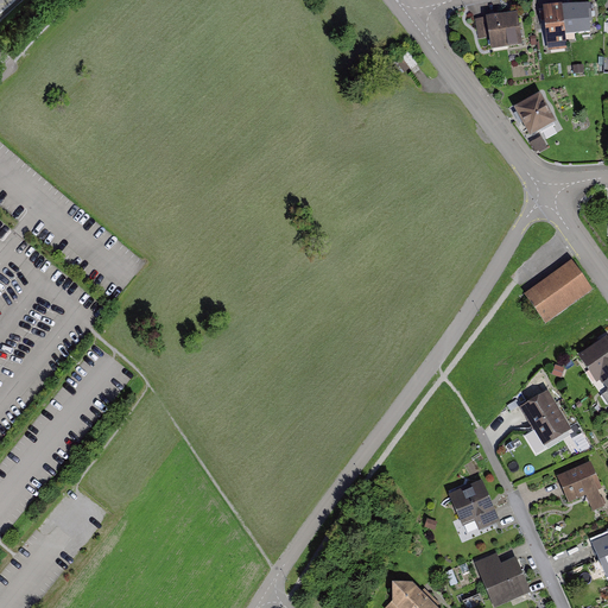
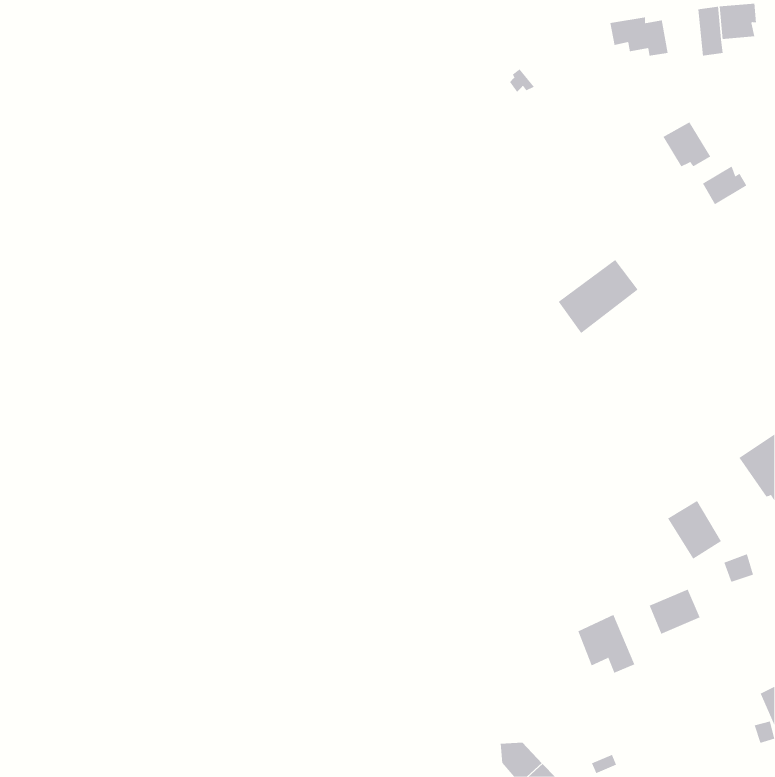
building: none -> [702,166,747,205]
building: [526,260,589,318] -> [558,259,638,334]
building: [558,462,598,498] -> [649,589,700,634]
building: [475,555,525,598] -> none

